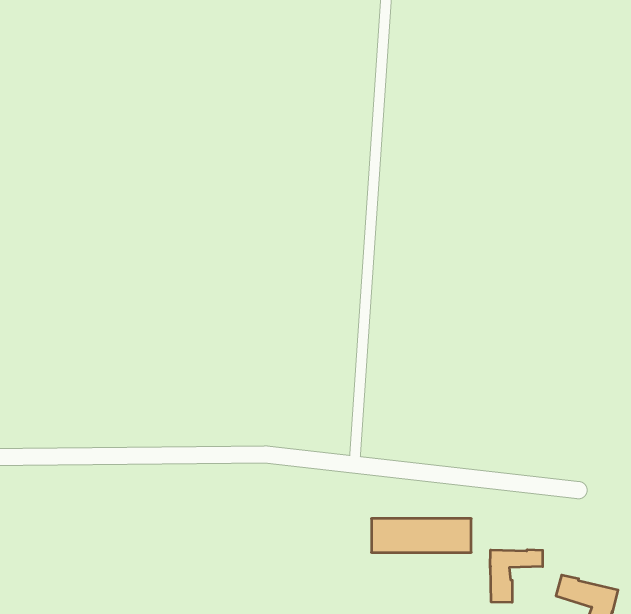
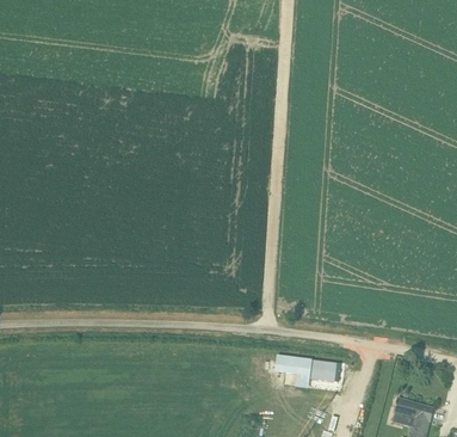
building: [490,550,543,602] -> none

